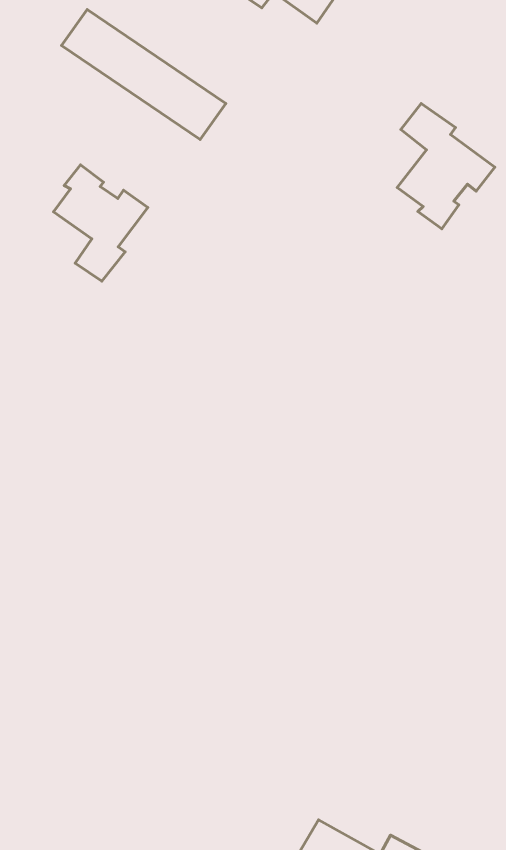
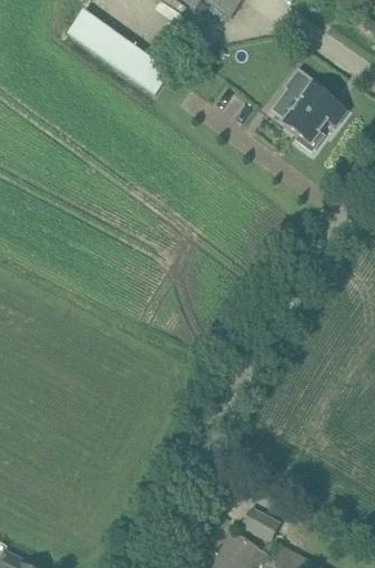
building: [53,165,148,281] -> none
building: none -> [241,508,281,541]

